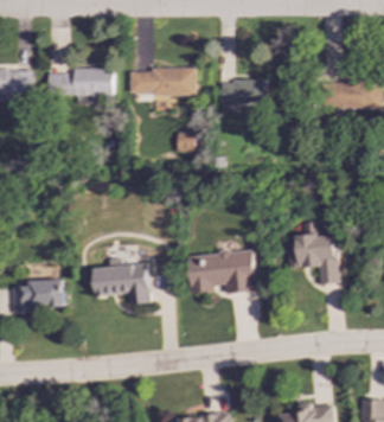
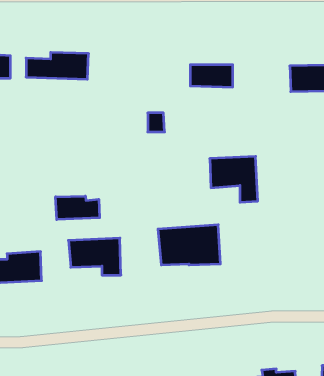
building: [130,69,196,95] -> none
building: none -> [56,196,100,220]
building: [286,235,337,283] -> [210,156,258,202]

